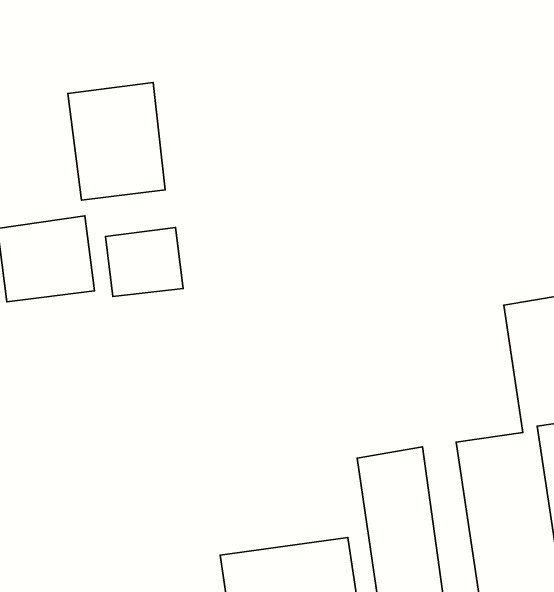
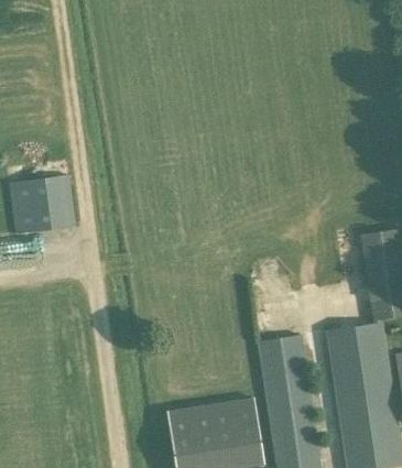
building: [68,82,165,200] -> none
building: [105,227,183,296] -> none

